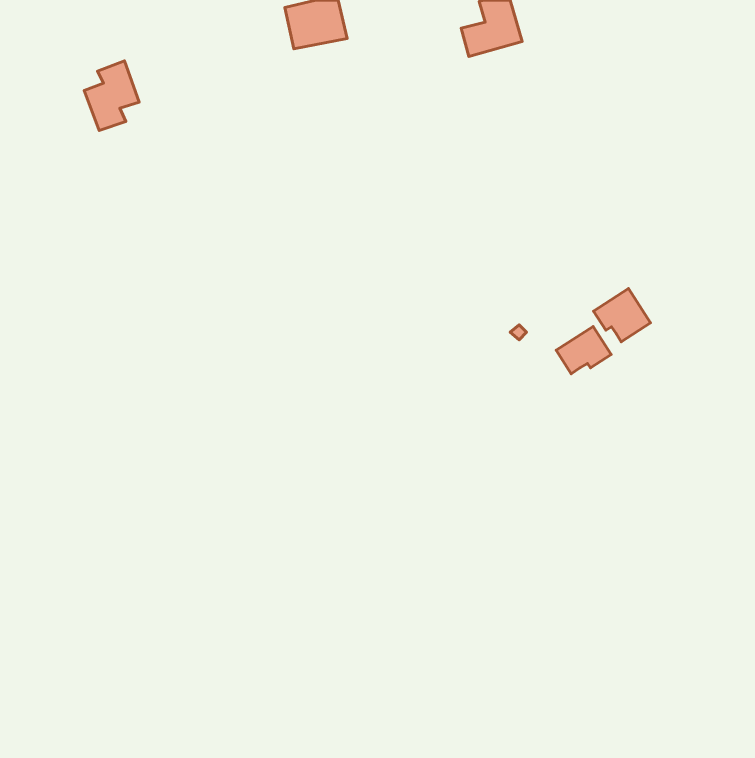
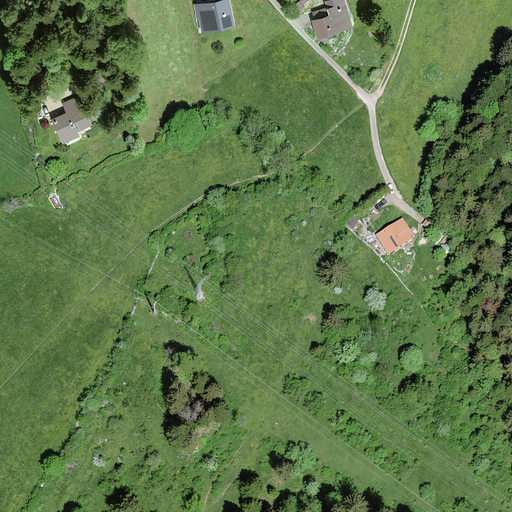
building: [84,61,139,130] -> [51,96,88,143]
building: [594,288,651,342] -> none

